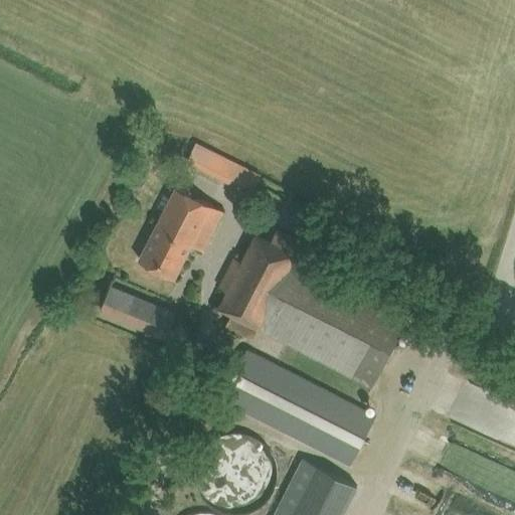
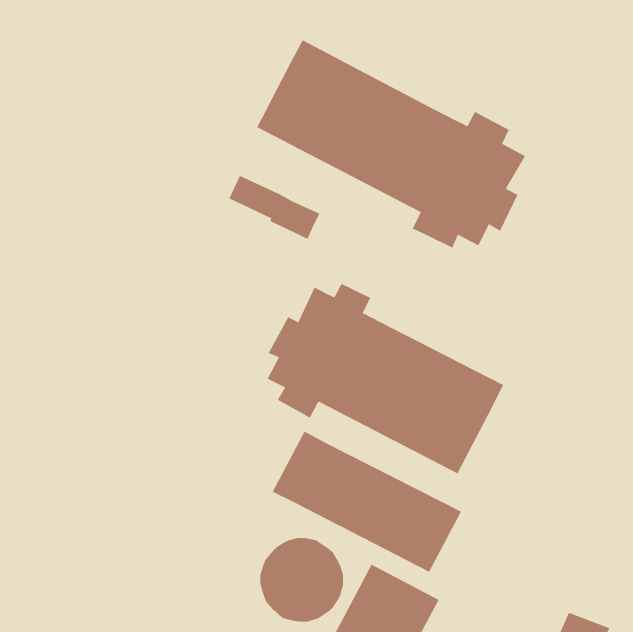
building: none -> [256,39,526,249]
building: [139,188,222,279] -> none
building: [100,289,173,339] -> none

